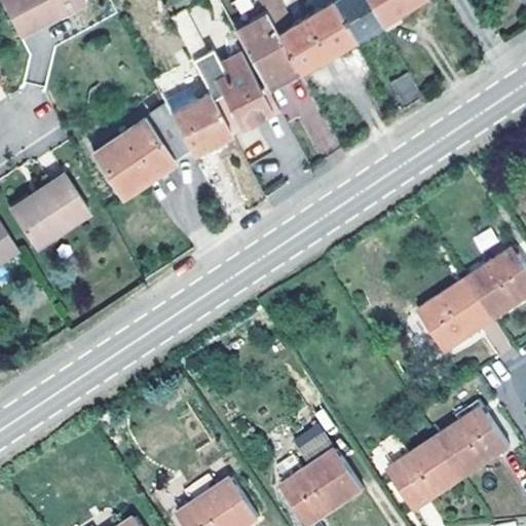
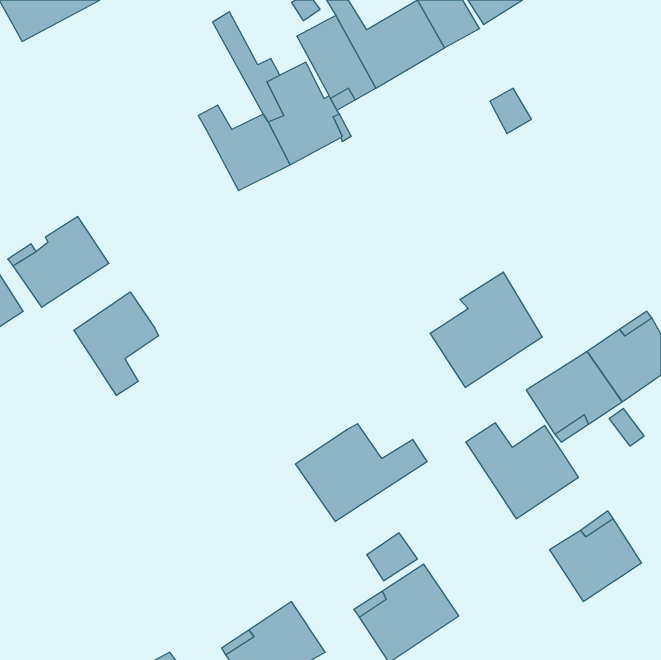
building: [91,105,188,196] -> none
building: none -> [430,272,542,388]
building: none -> [74,292,159,396]
building: none -> [296,424,427,522]
building: [373,436,462,512] -> [466,423,578,519]

